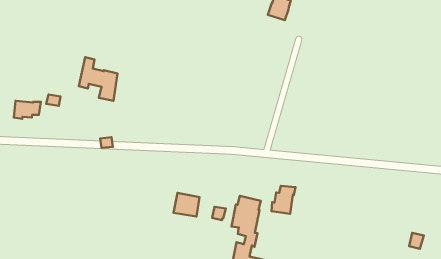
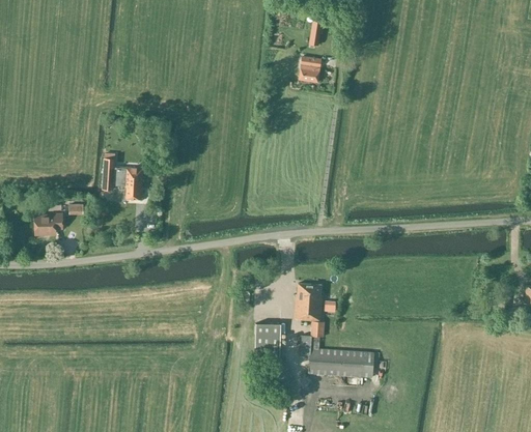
building: [272,186,295,214] -> none
building: [173,193,199,216] -> [254,323,280,346]

